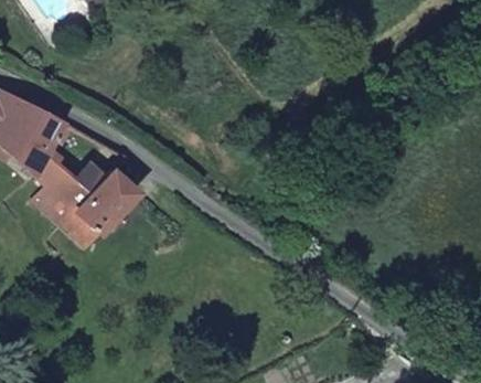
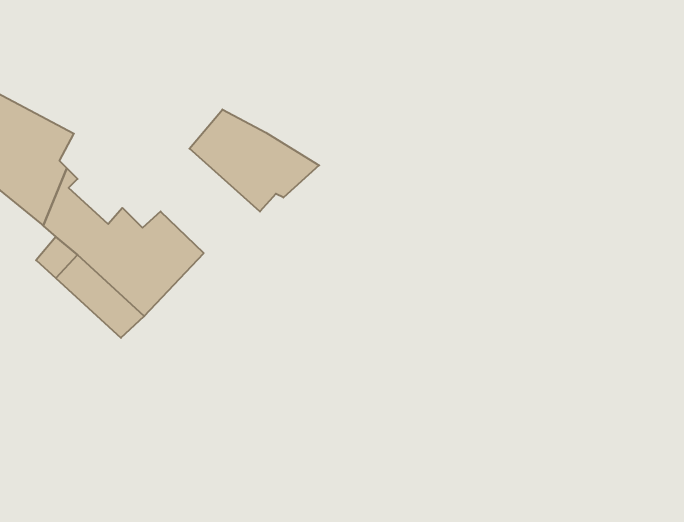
building: none -> [189,109,319,212]

